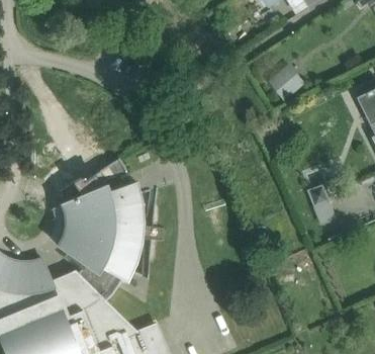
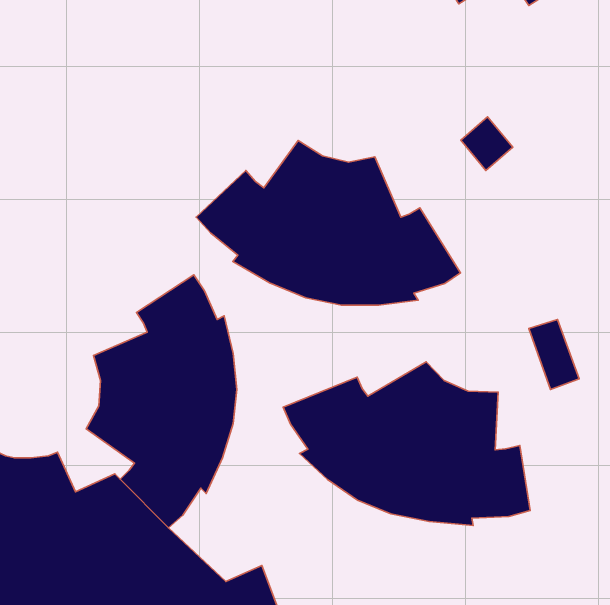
building: none -> [196,141,460,305]
building: none -> [283,362,530,526]

